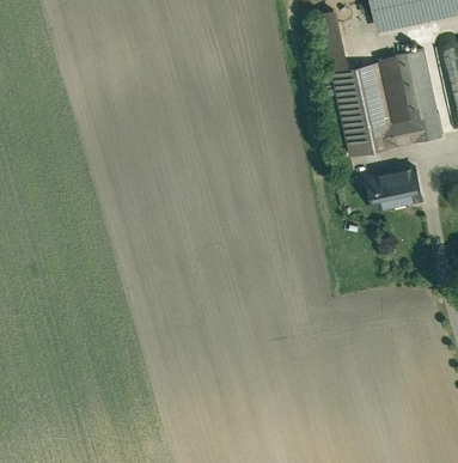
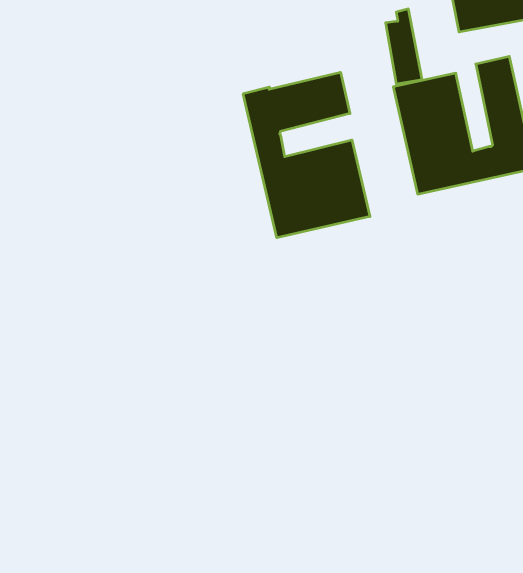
building: none -> [243,72,370,238]
building: [372,167,419,207] -> none

